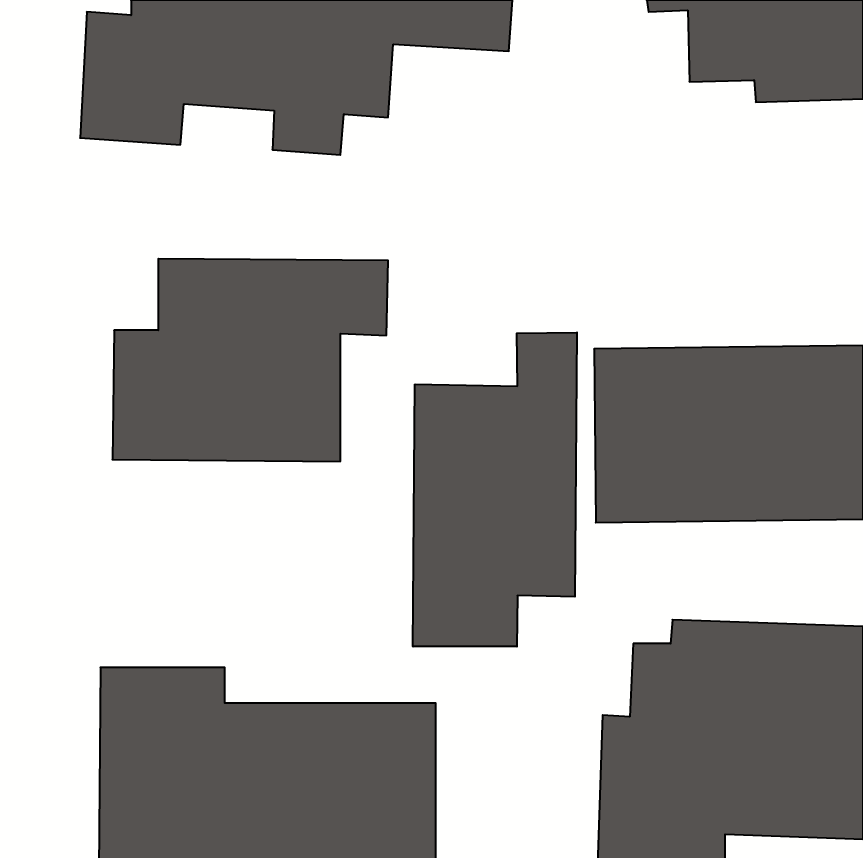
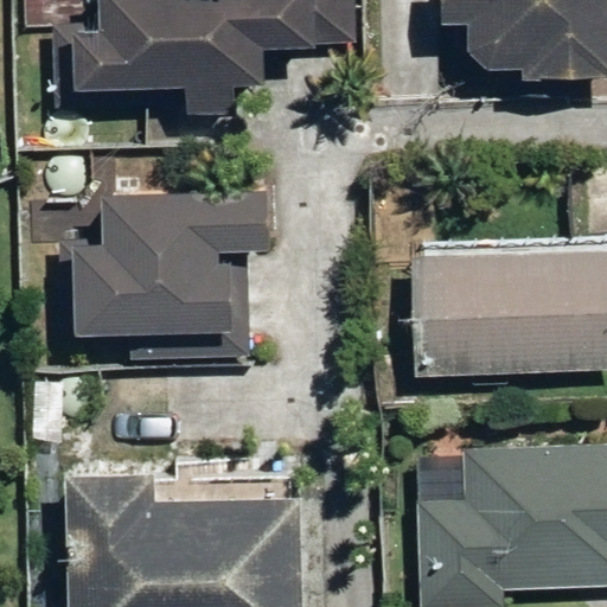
building: [413,332,577,647] -> none

